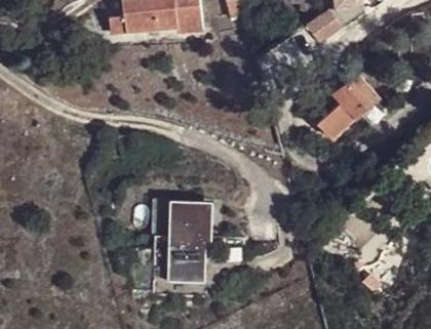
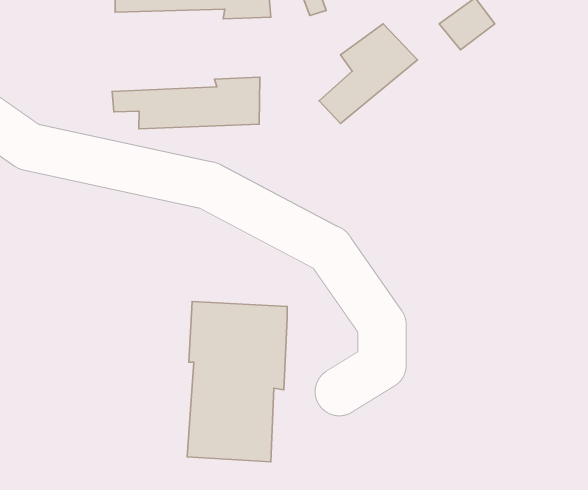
building: none -> [112,77,260,129]
building: [312,78,374,140] -> [319,24,417,124]

